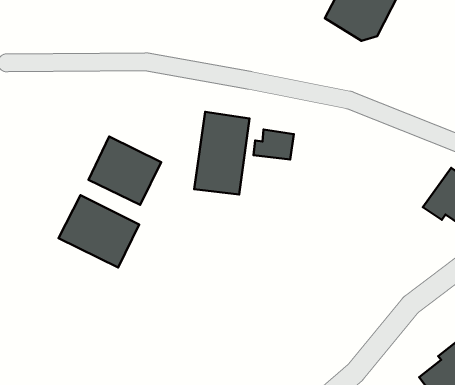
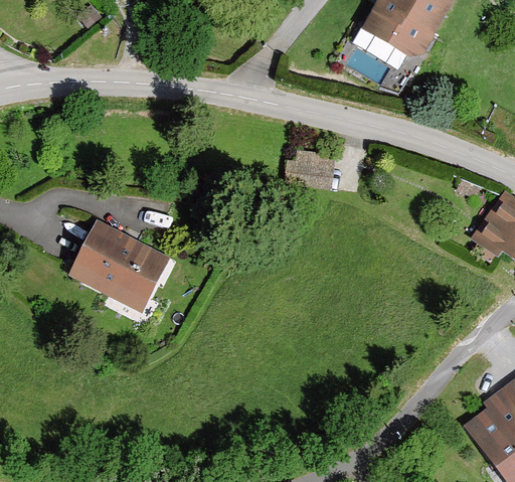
building: [194,112,250,195] -> none
building: [89,137,161,205] -> none

